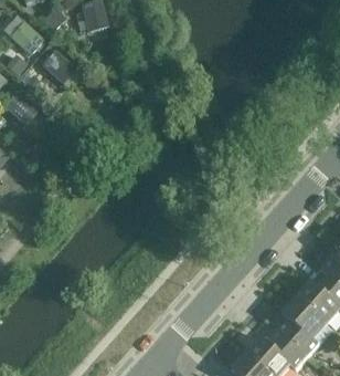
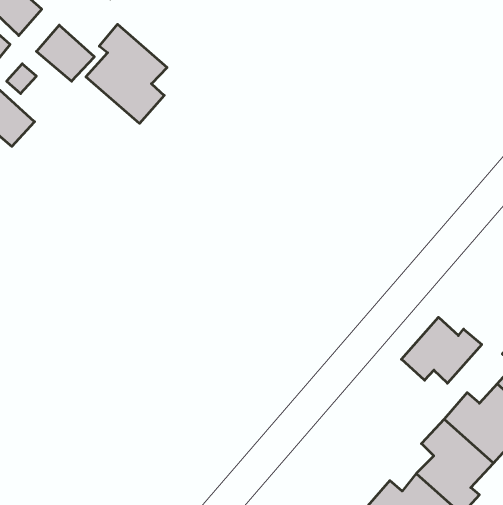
building: none -> [86,24,167,123]
building: none -> [401,317,482,383]

